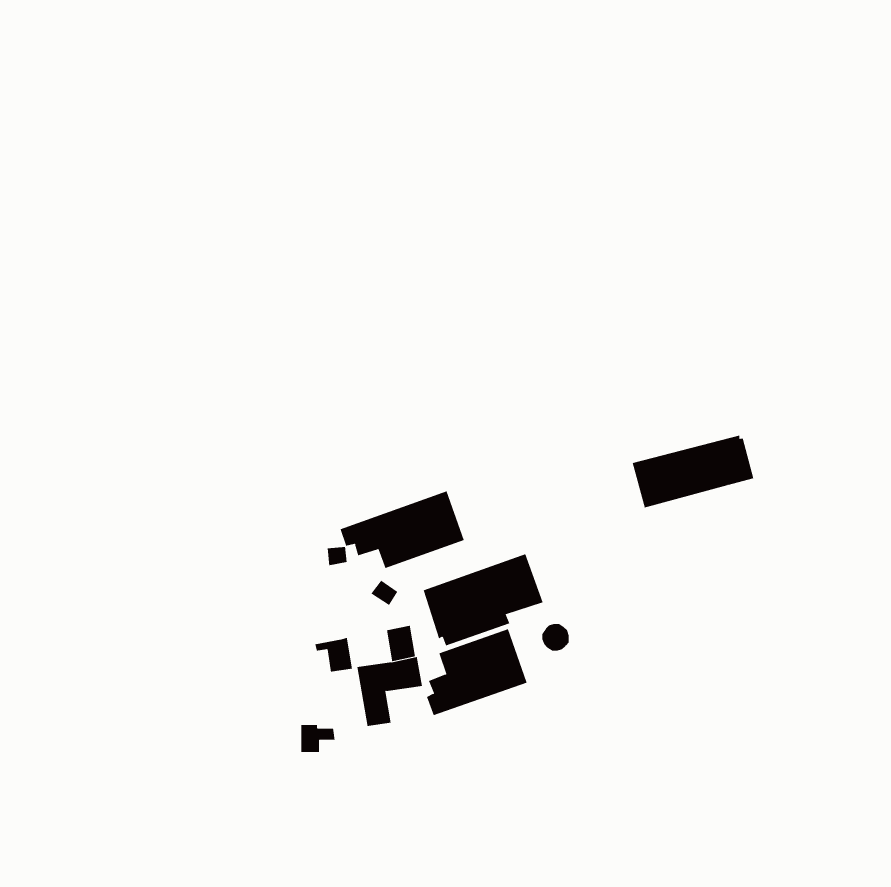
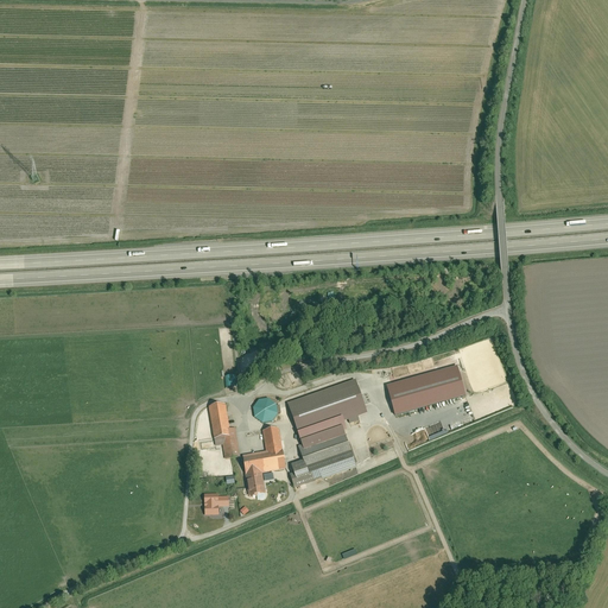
building: [632,435,754,508] -> [381,363,464,413]
building: [340,491,464,569] -> none
building: none -> [209,400,232,438]

